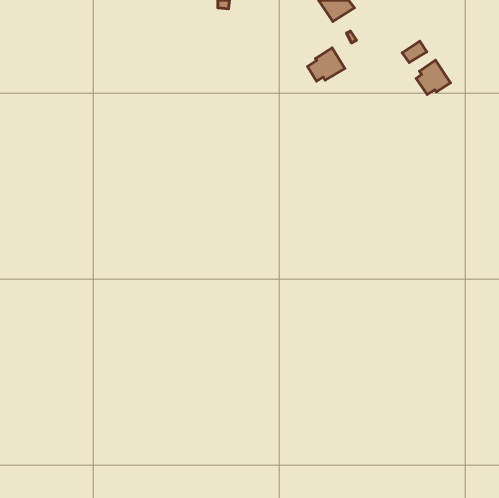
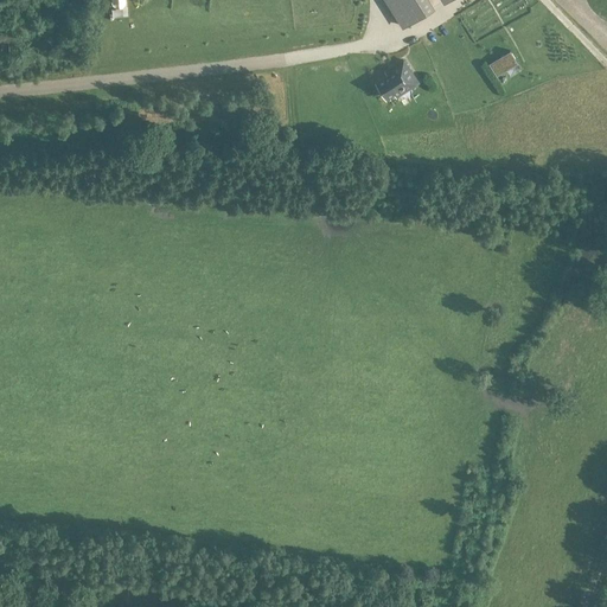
building: [416,60,451,95] -> none

